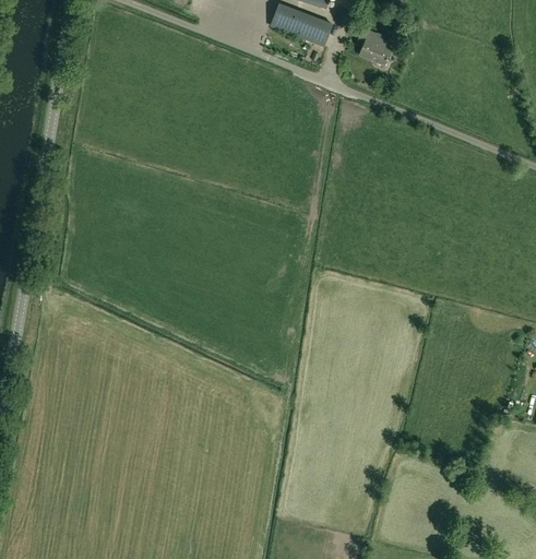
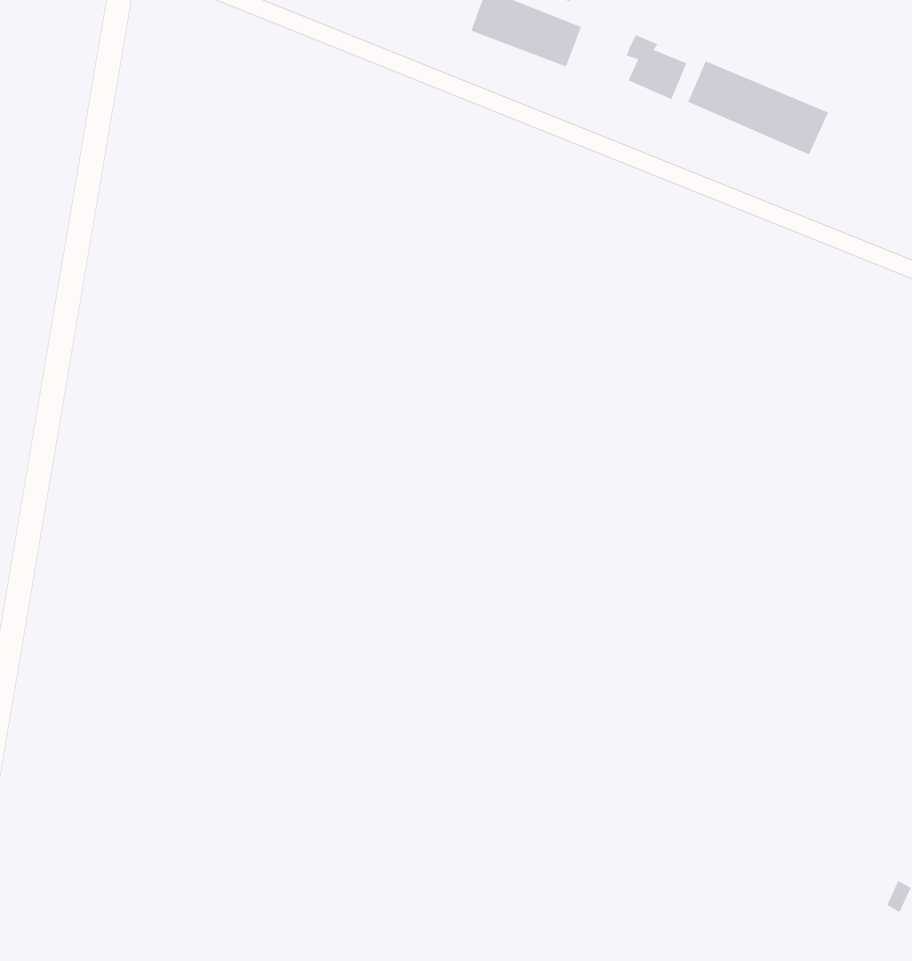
building: none -> [688,61,829,155]

